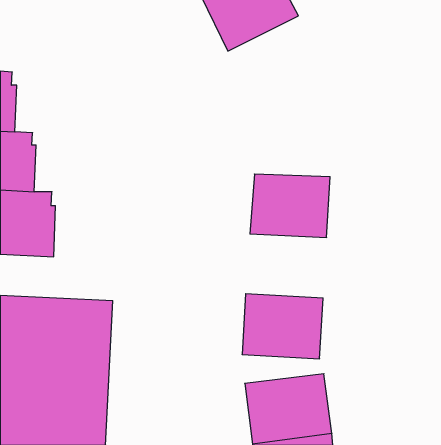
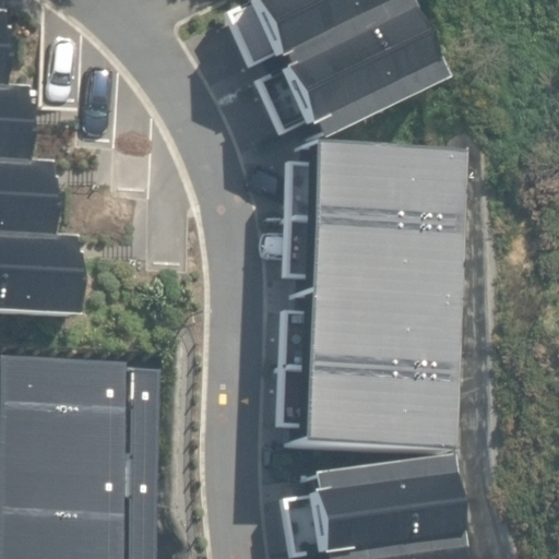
building: none -> [294,20,415,132]
building: none -> [326,141,425,219]
building: none -> [316,290,416,370]

